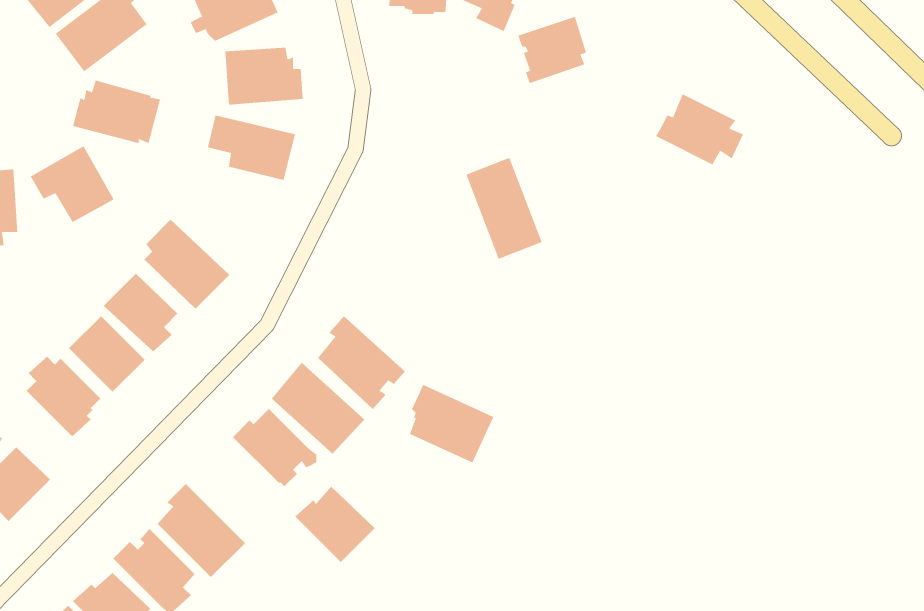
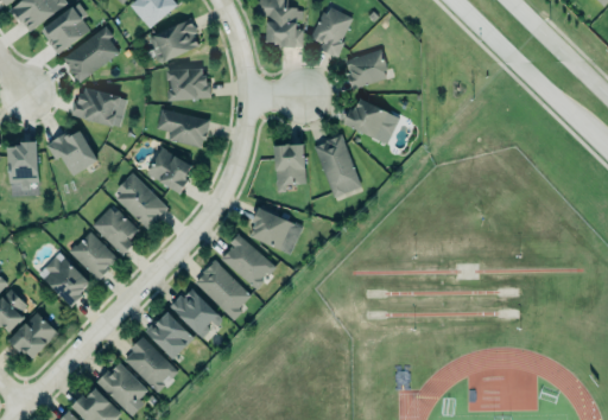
building: [655,94,744,165] -> [343,97,398,141]
building: none -> [273,145,306,192]
building: none -> [146,148,192,191]
building: [409,384,494,463] -> [251,206,303,255]
building: [294,486,375,563] -> [145,312,195,359]

